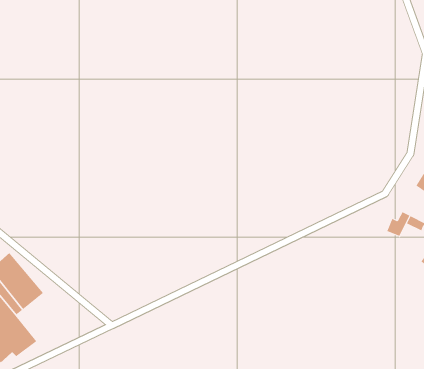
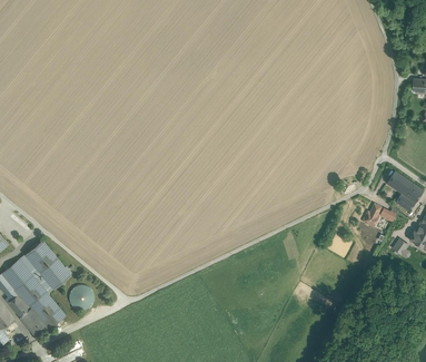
building: none -> [69,284,95,310]

